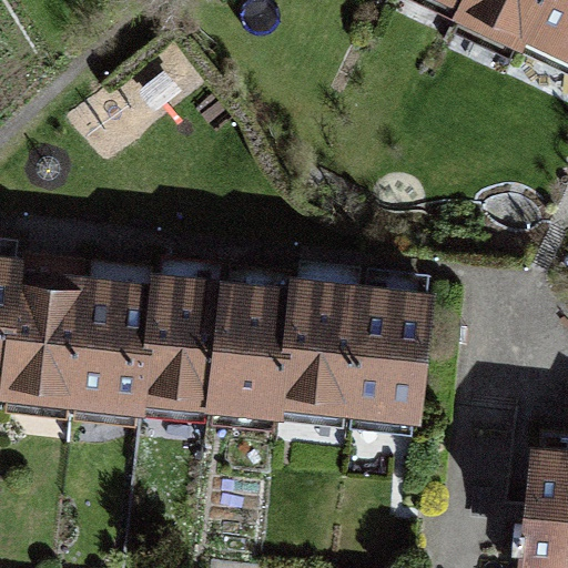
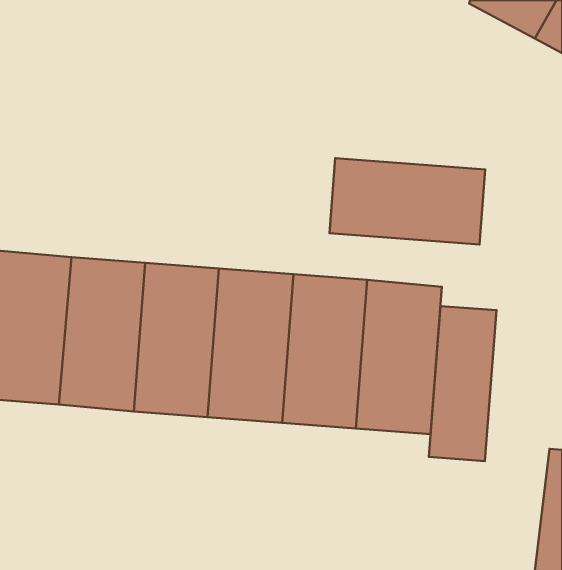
building: none -> [330,158,485,244]
building: none -> [429,306,496,461]

